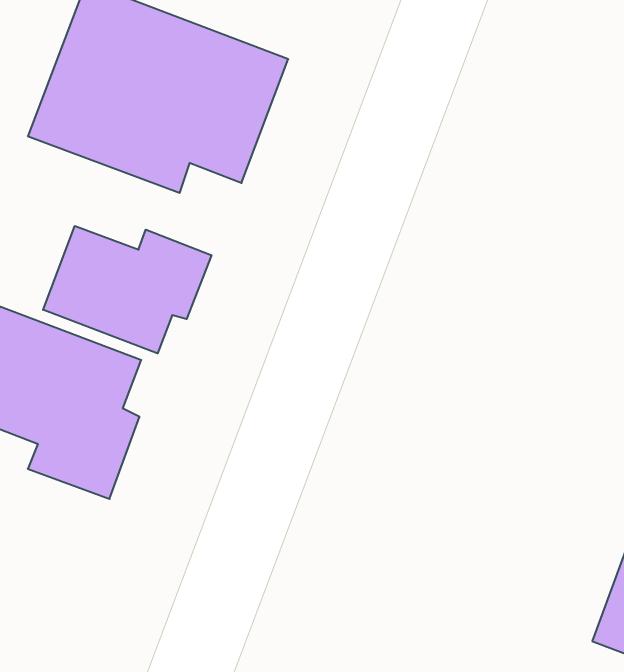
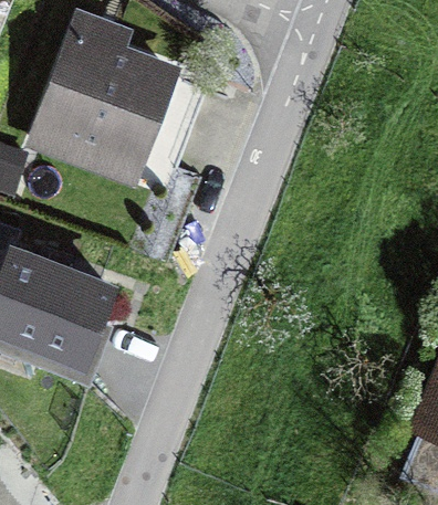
building: [43,226,211,353] -> none

